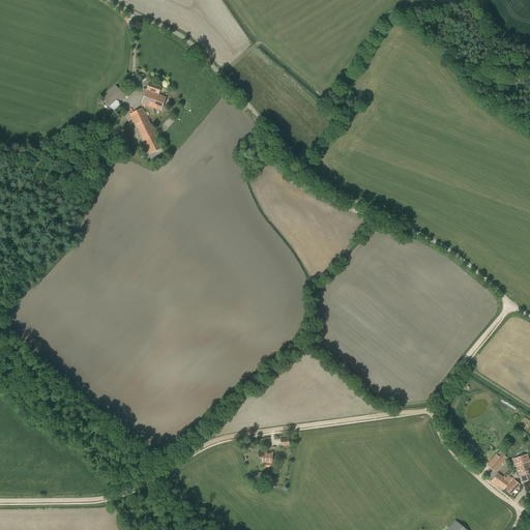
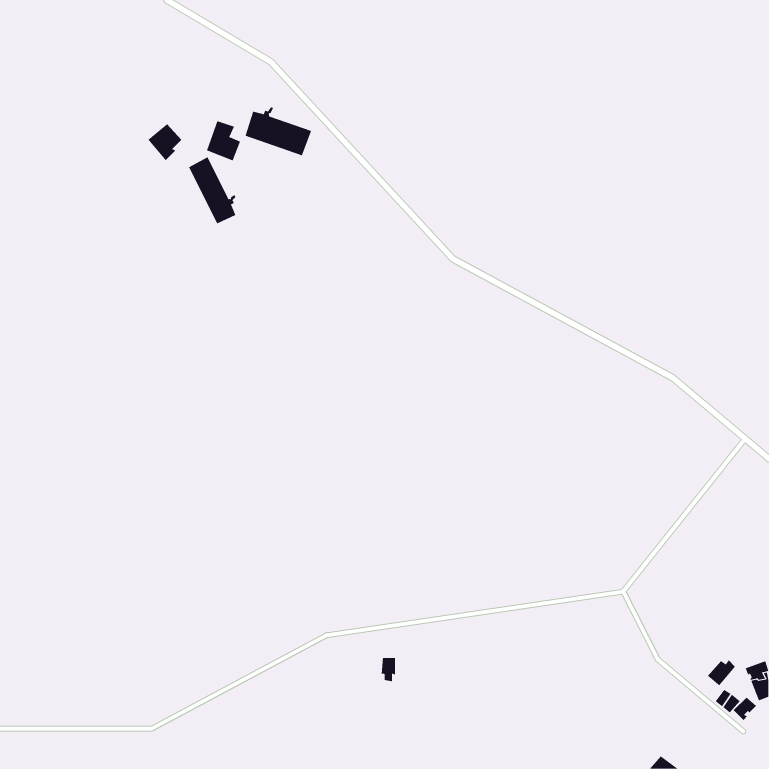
building: none -> [245,107,312,156]

